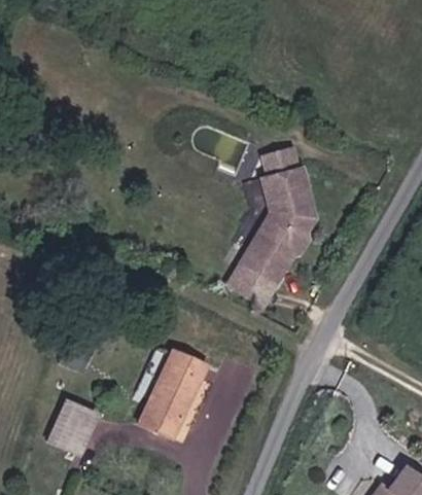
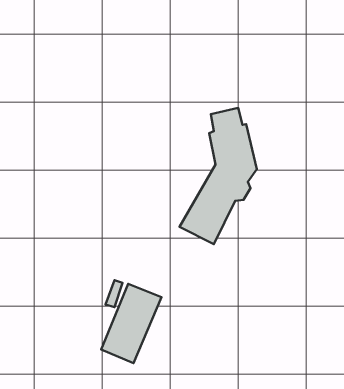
building: [50,401,97,453] -> none

